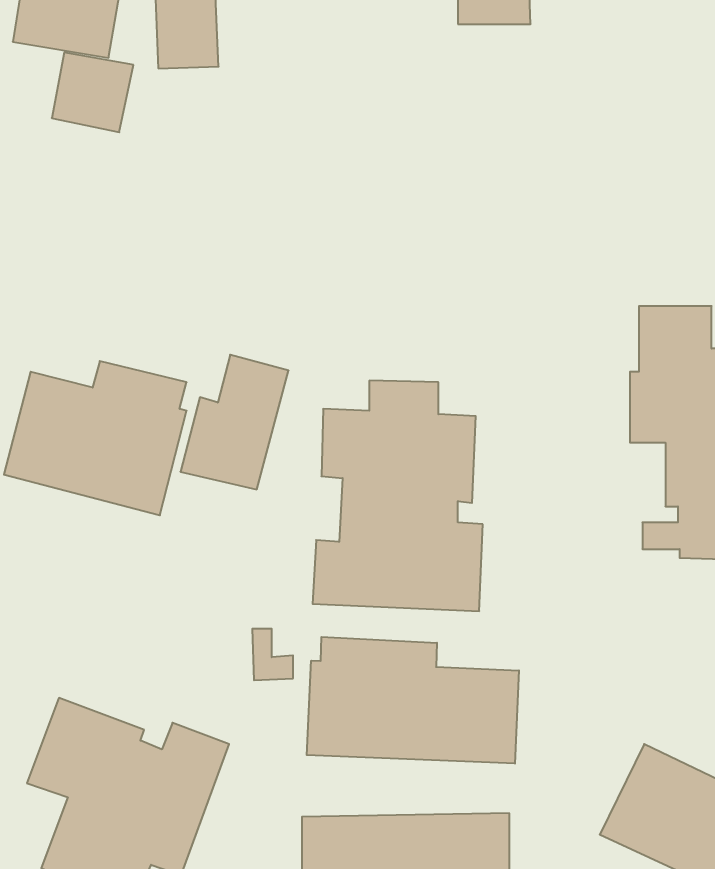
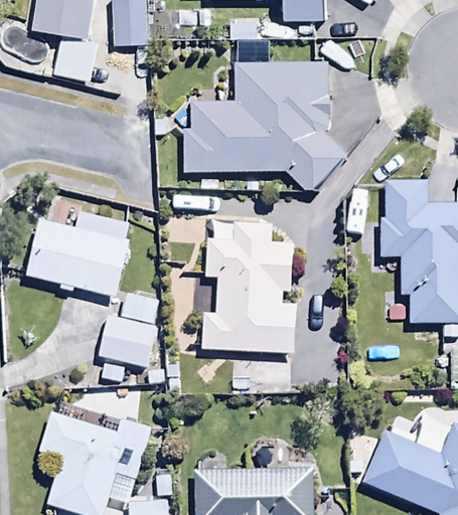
building: none -> [183,61,343,192]
building: [180,355,289,489] -> [97,291,158,367]
building: [307,637,519,764] -> none

